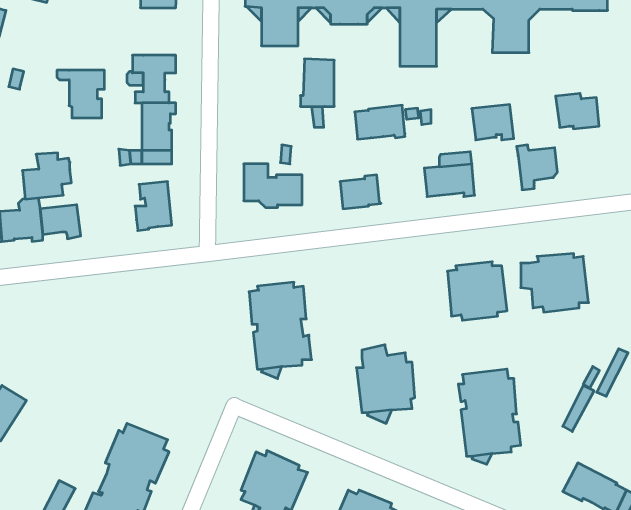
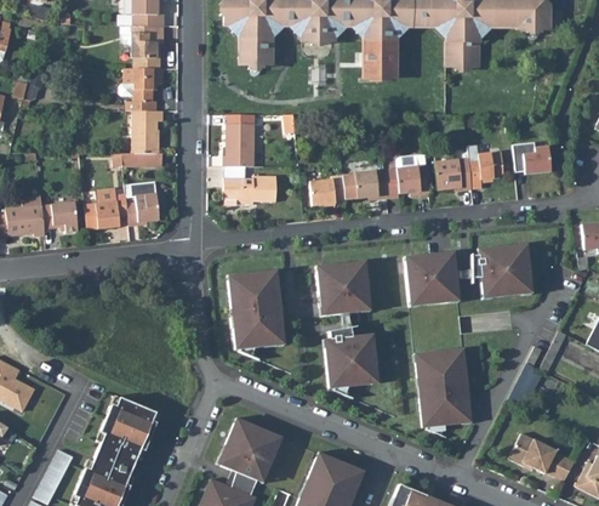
building: [300,59,334,106] -> [223,123,253,165]
building: [57,70,104,118] -> [120,25,162,68]
building: [556,93,599,129] -> [512,142,550,174]
building: [472,105,514,140] -> [434,158,472,189]
building: [355,105,405,139] -> [342,169,387,199]
building: [22,153,71,199] -> [84,188,127,229]
building: none -> [316,262,369,314]

